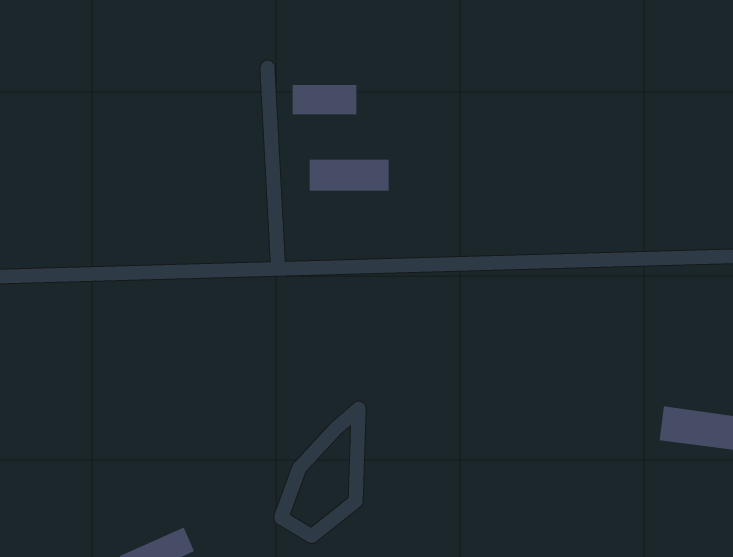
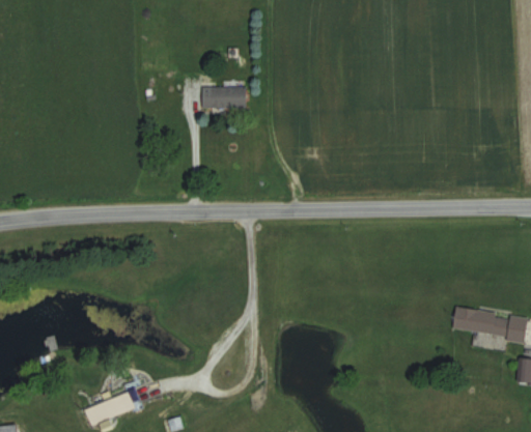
building: [309,159,389,191] -> none

